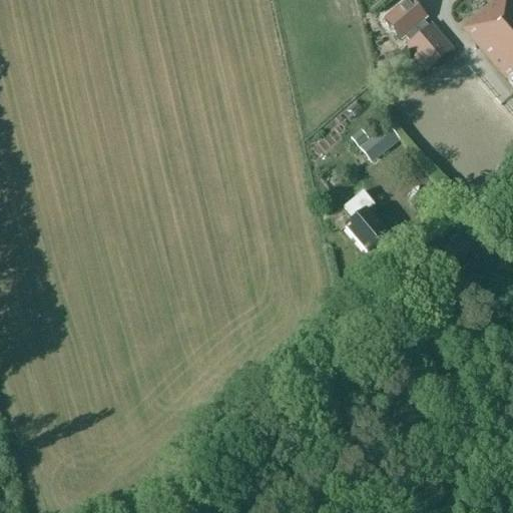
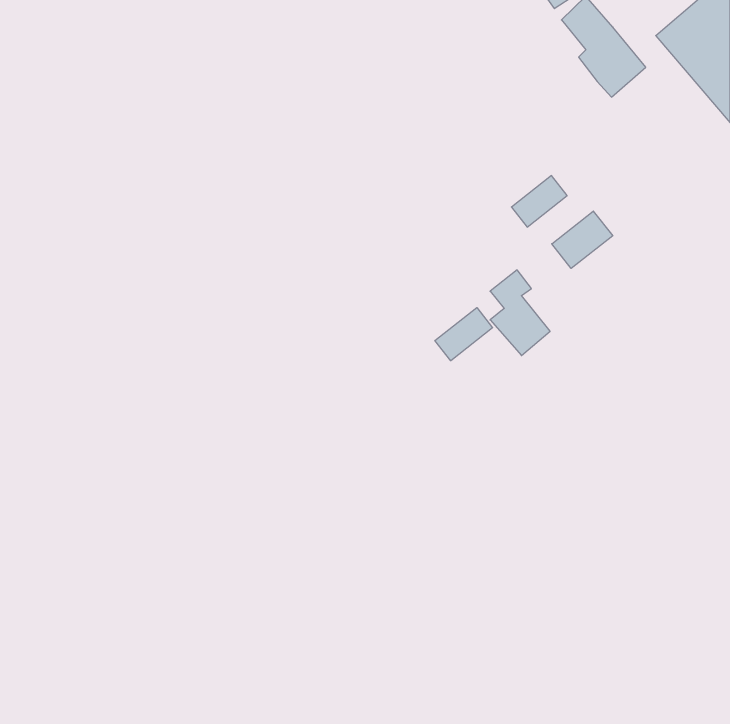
building: none -> [552,211,613,268]
building: none -> [435,308,493,361]

